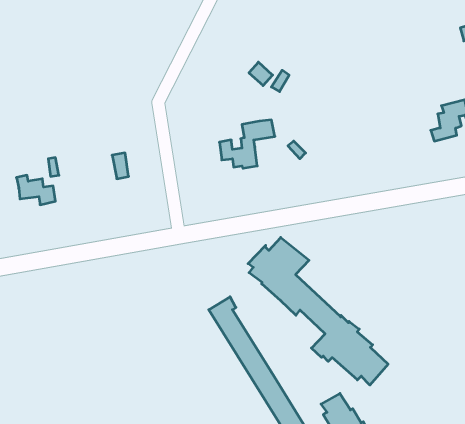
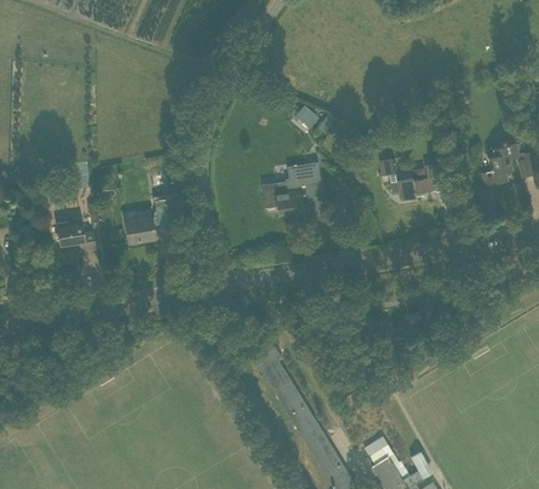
building: none -> [379,159,442,199]
building: none -> [126,218,155,242]
building: [248,237,388,385] -> none

